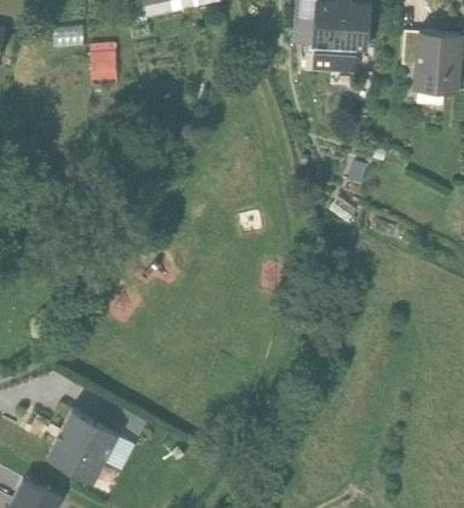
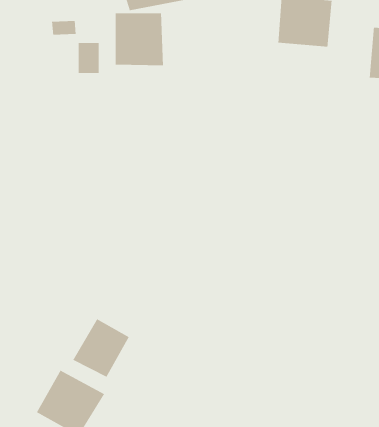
building: none -> [115,13,164,66]
building: none -> [72,318,130,378]

